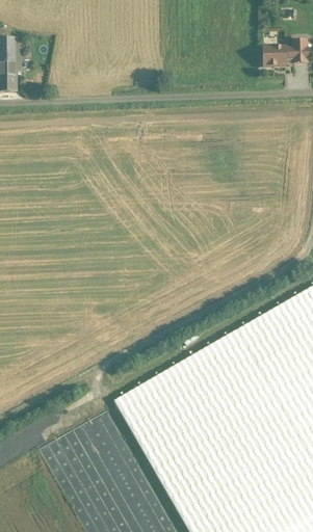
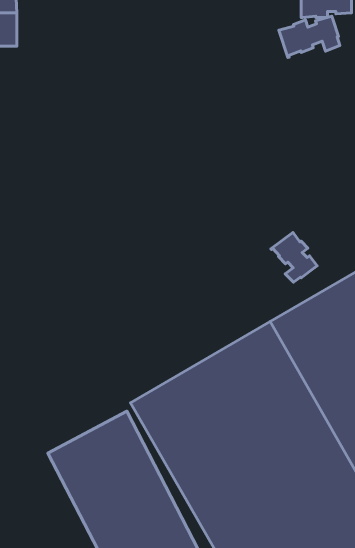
building: none -> [279,16,340,58]
building: none -> [271,232,317,282]

